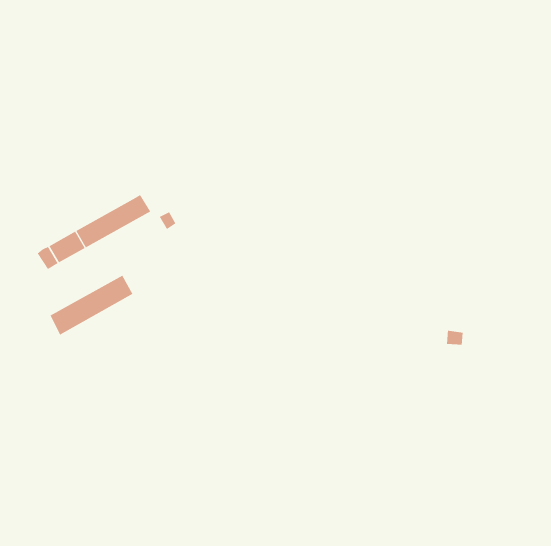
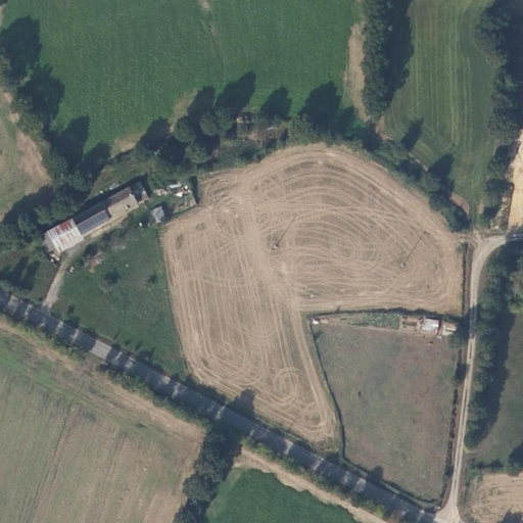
building: [50,275,133,335] -> none

